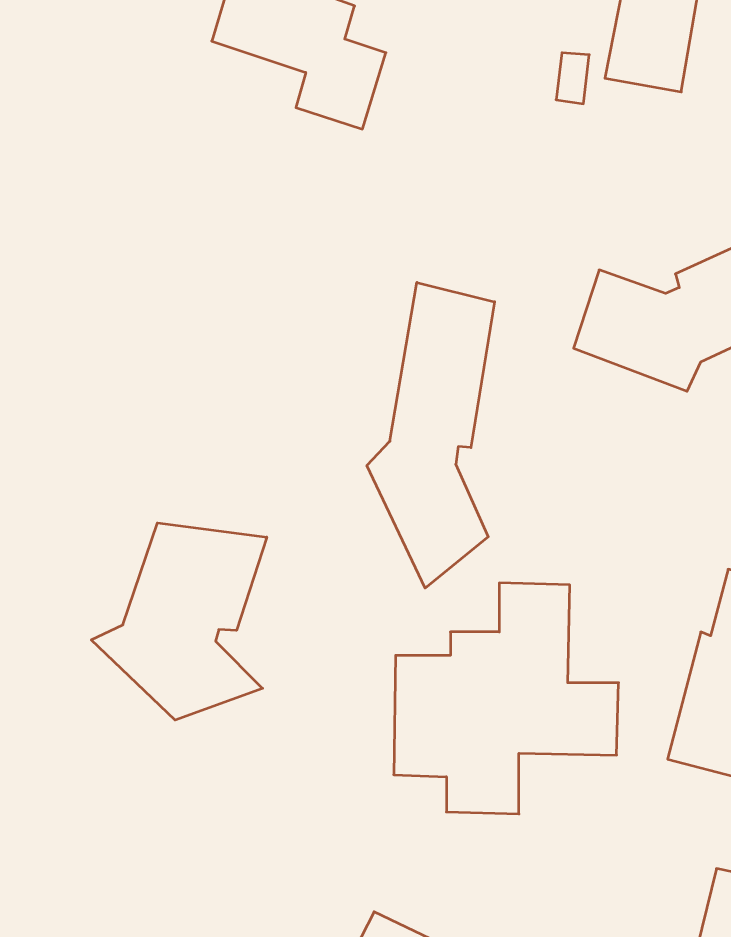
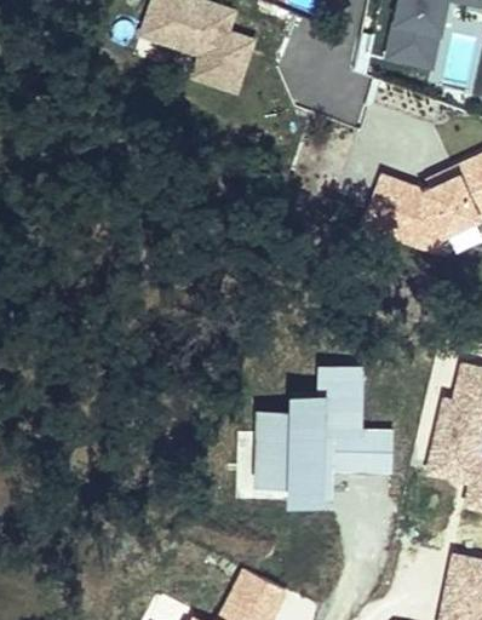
building: [367,282,495,588] -> none
building: [91,523,267,720] -> none

